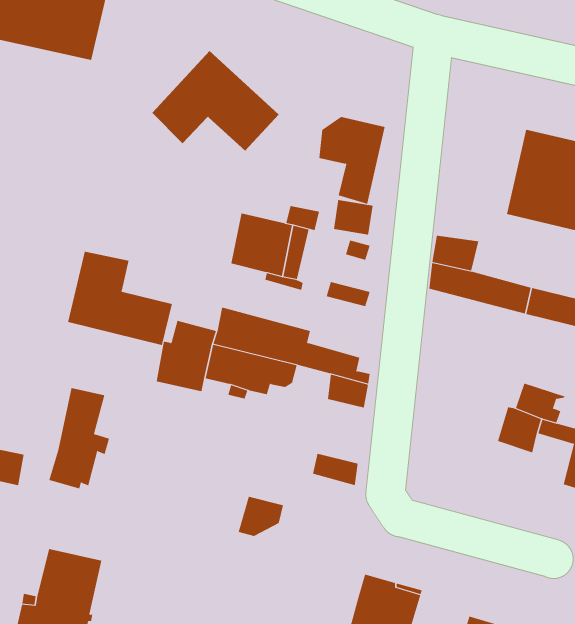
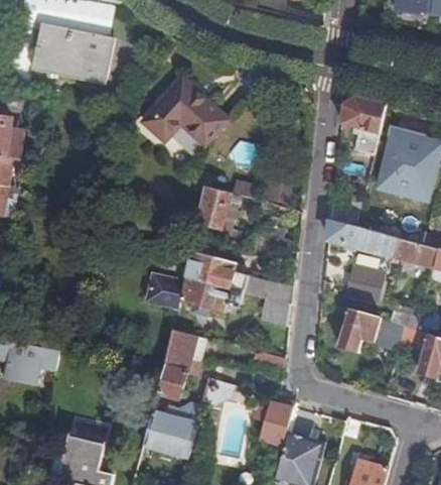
building: [319,116,386,204] -> [342,95,388,154]
building: [68,251,172,346] -> none
building: none -> [350,267,388,305]
building: [49,388,110,489] -> [156,330,197,398]
building: none -> [340,310,383,353]
building: none -> [253,396,294,449]
building: none -> [142,404,199,458]

